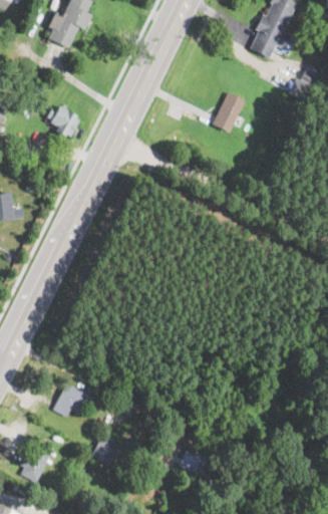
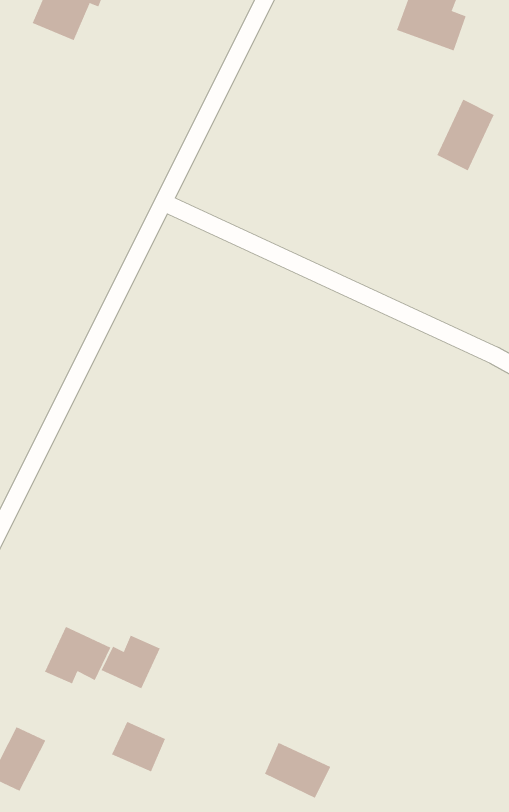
building: [213,91,246,133] -> [436,99,495,171]
building: [45,104,81,138] -> none
building: none -> [101,635,160,689]

